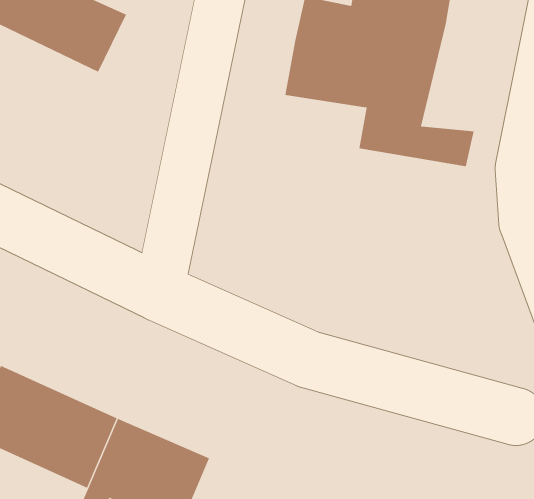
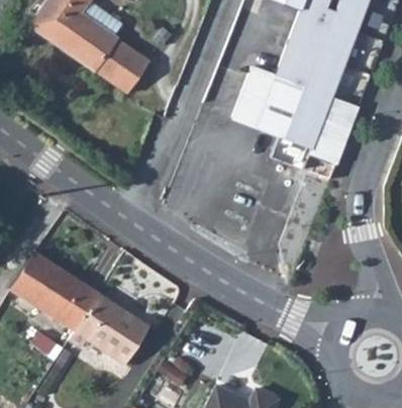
building: none -> [309,95,361,161]

